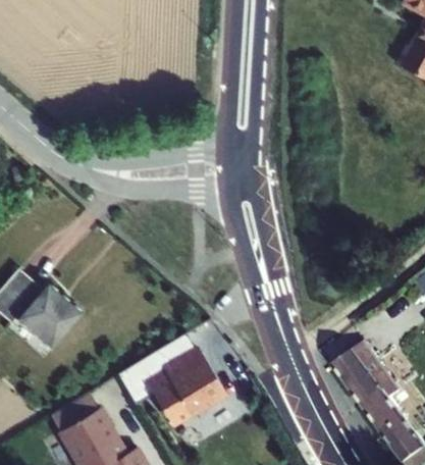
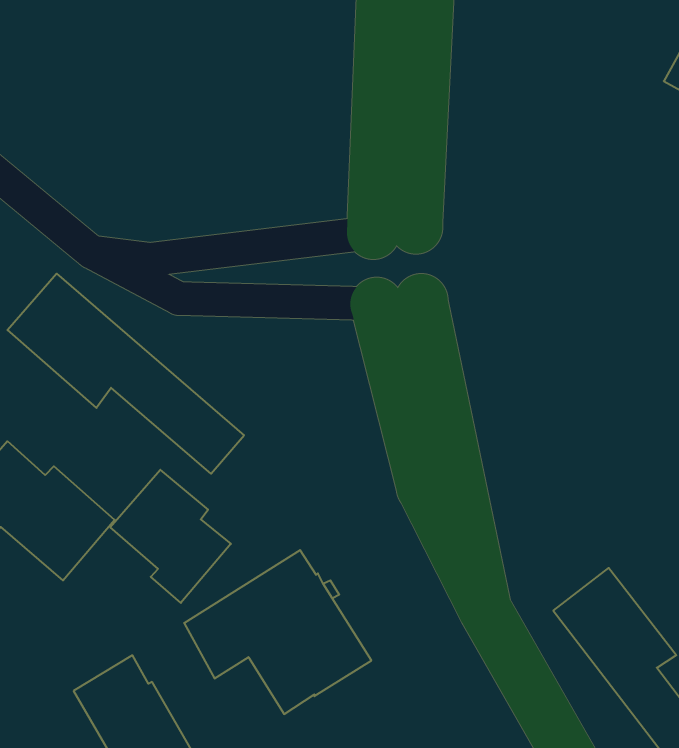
building: none -> [7,274,244,474]
building: none -> [110,470,231,603]

